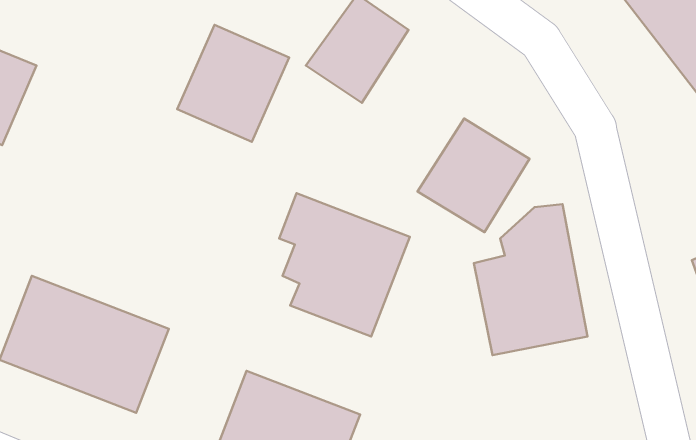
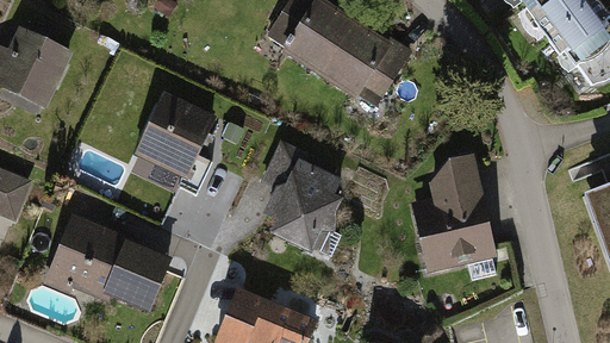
building: [177,25,289,142] -> [133,91,219,180]
building: [418,118,530,232] -> [323,24,409,111]

